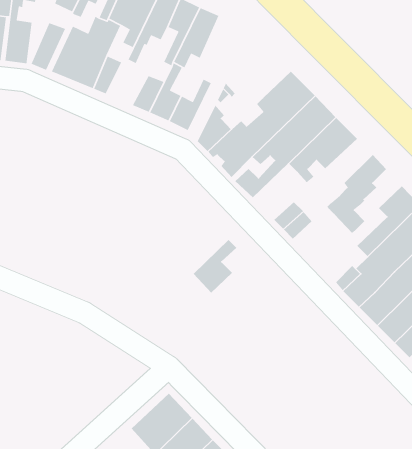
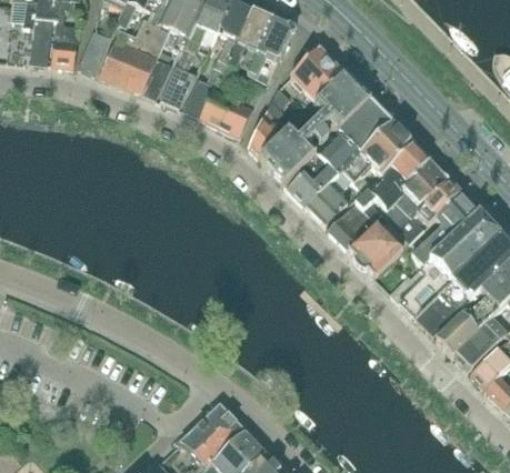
building: none -> [248,17,293,81]
building: none -> [290,46,346,101]
building: none -> [161,62,197,108]
building: none -> [356,143,430,212]
building: none -> [417,174,460,223]
building: none -> [351,217,409,274]
building: [193,239,237,293] -> [307,169,352,224]

